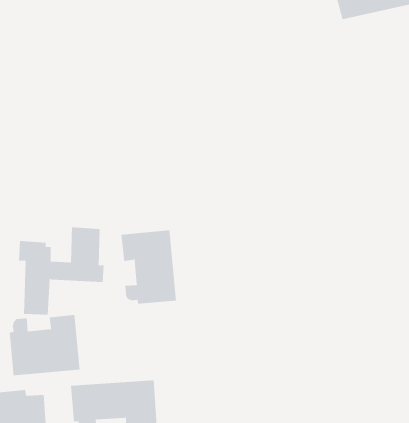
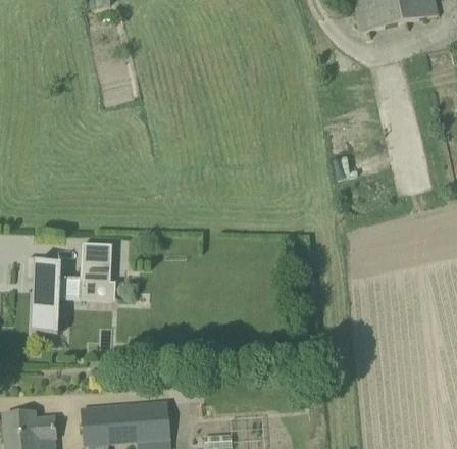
building: [121,229,177,305] -> none
building: [9,314,80,376] -> none

